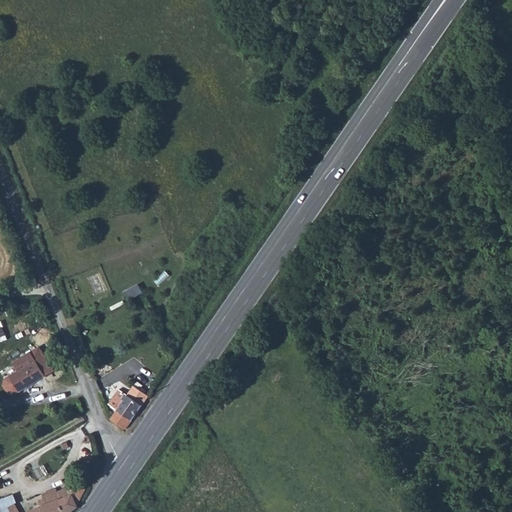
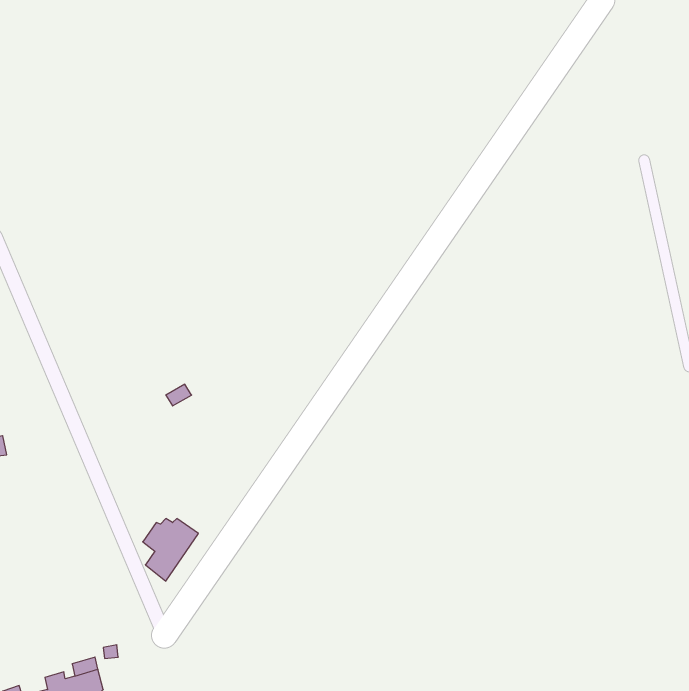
building: [8,354,47,391] -> none

